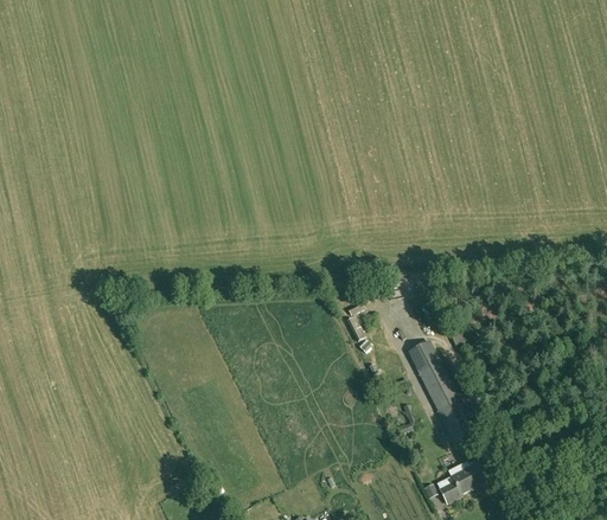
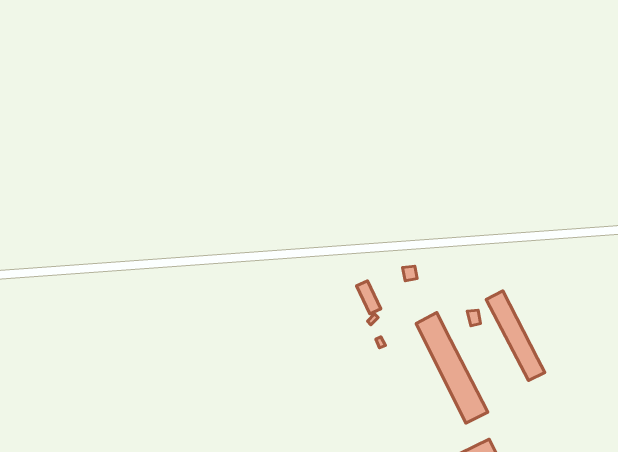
building: none -> [486,291,545,380]

